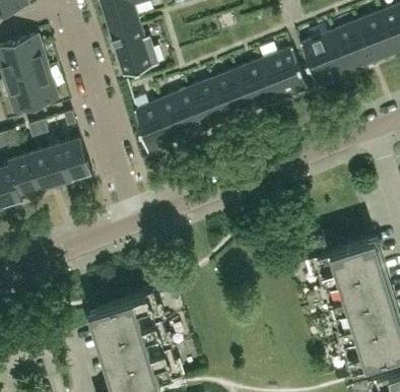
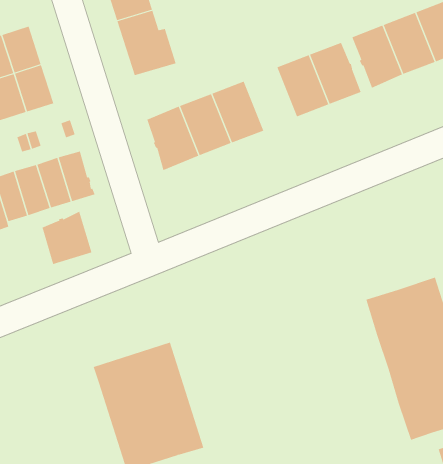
building: [213,68,256,120] -> none
building: none -> [42,211,92,265]

